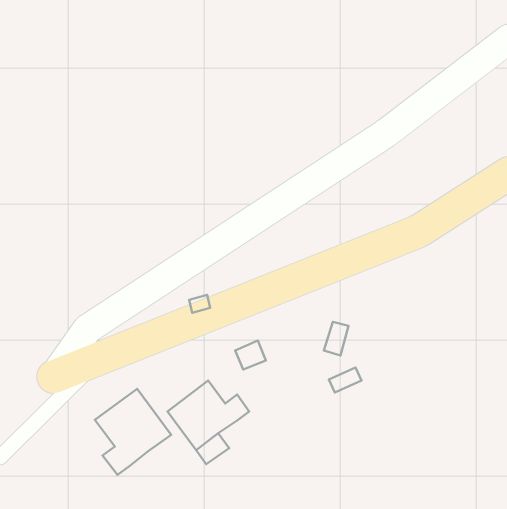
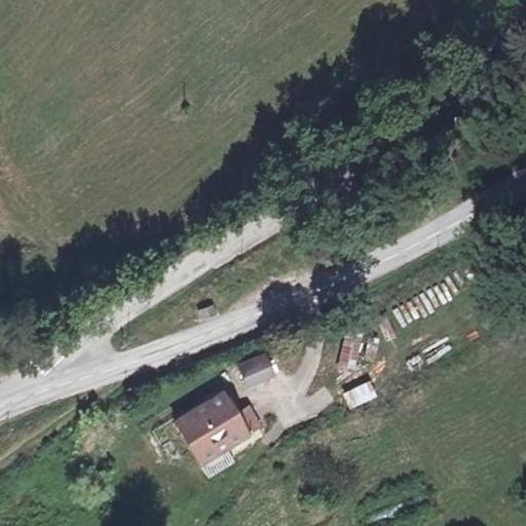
building: [95,389,171,475] -> none

